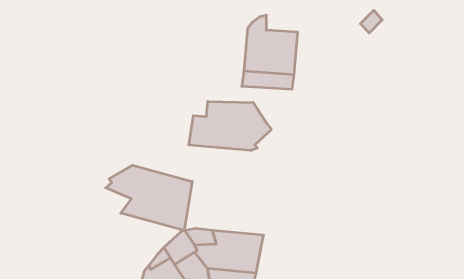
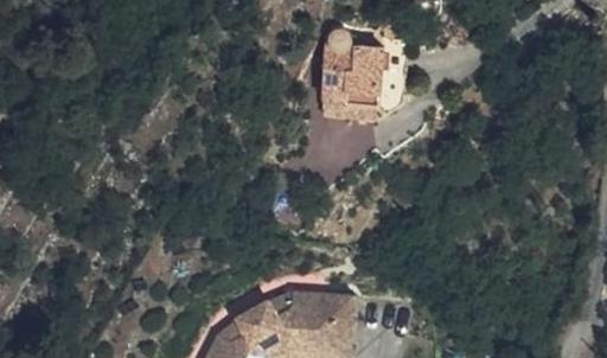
building: [189,101,271,151] -> none
building: [106,165,192,231] -> none

